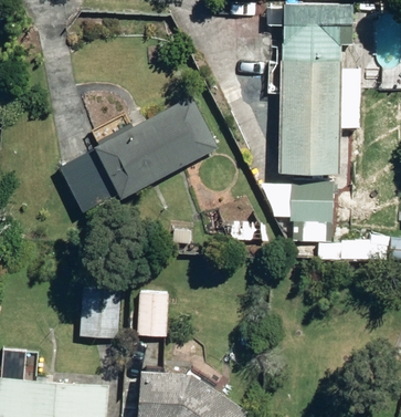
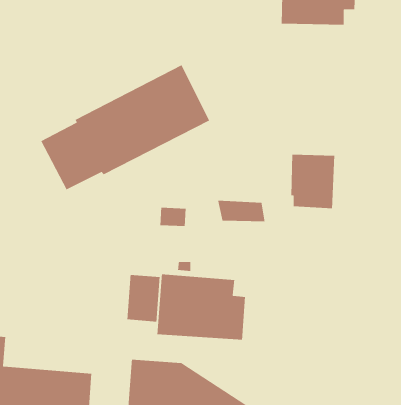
building: [278,58,341,170] -> none
building: [80,289,120,338] -> none
building: none -> [156,274,246,341]

